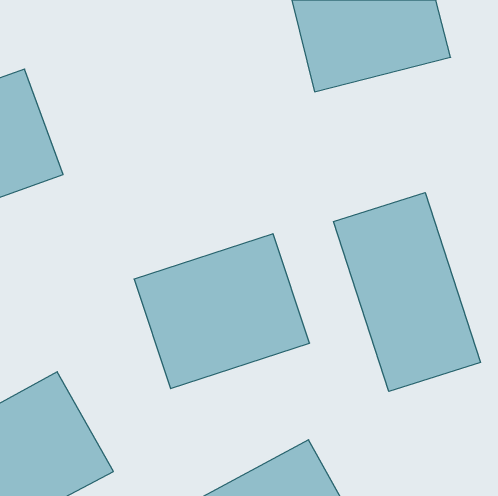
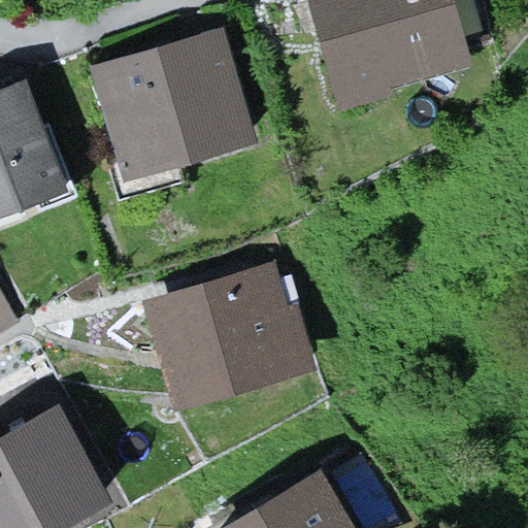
building: none -> [89,30,259,186]
building: [334,193,480,391] -> none

